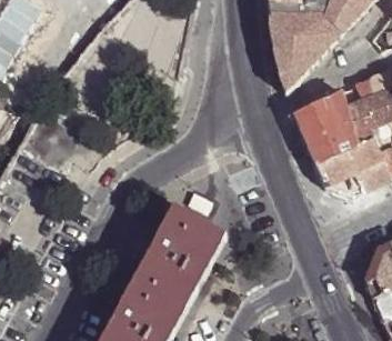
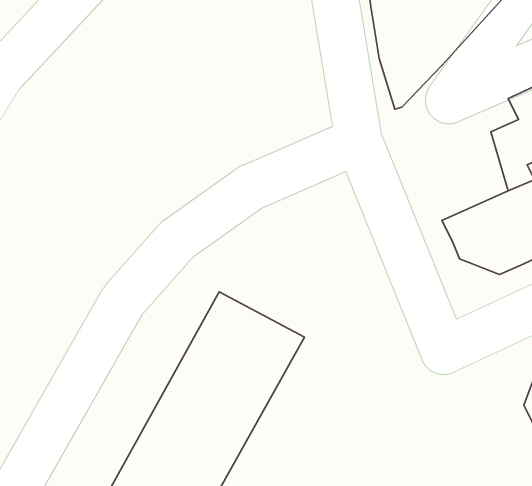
building: [294,90,358,161] -> none

